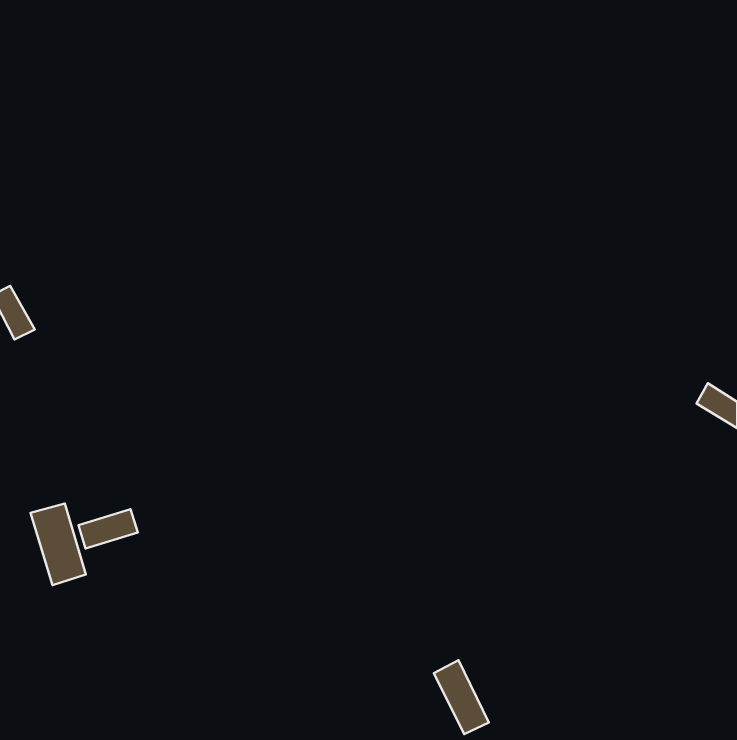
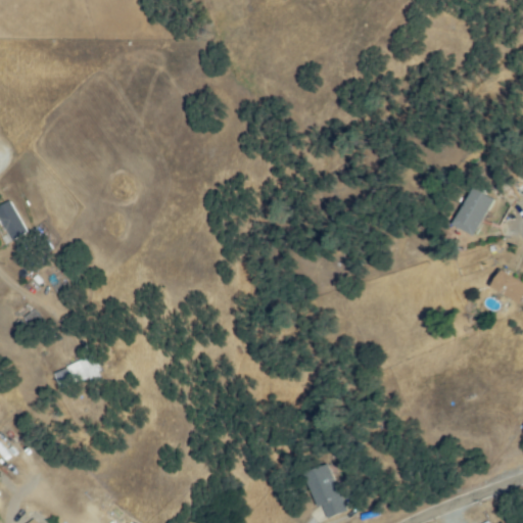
building: none -> [453,188,493,235]
building: [30,503,86,585] -> none

